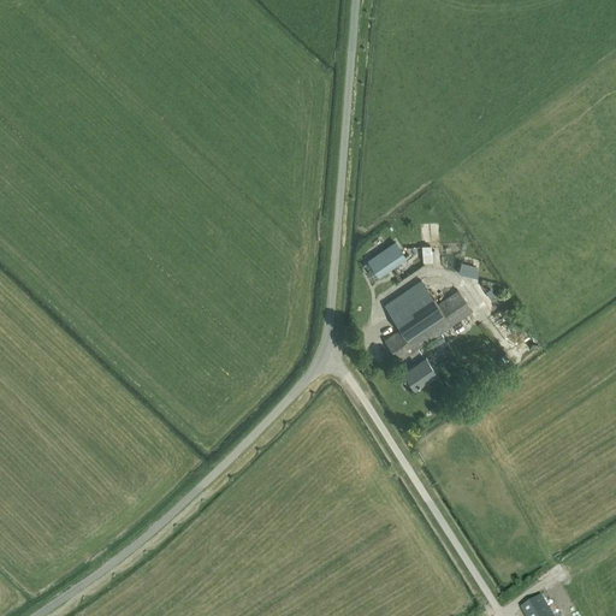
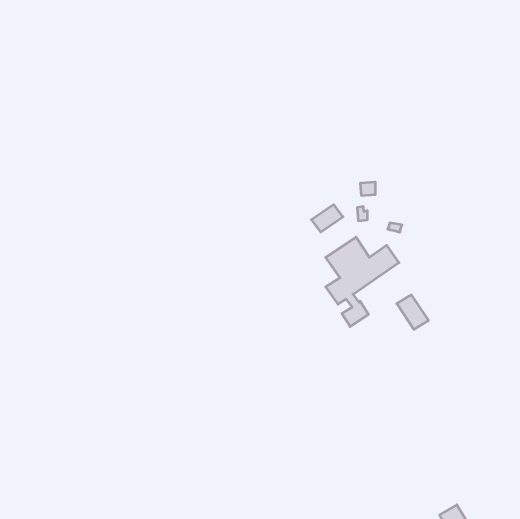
building: none -> [397,295,428,329]

